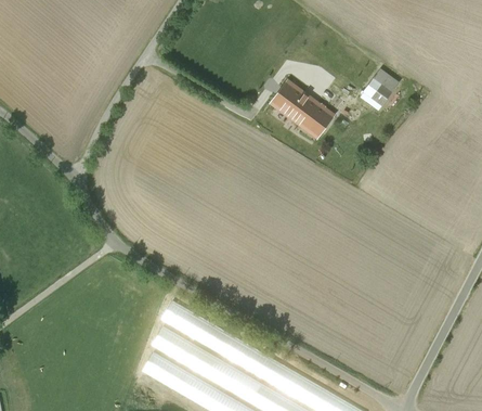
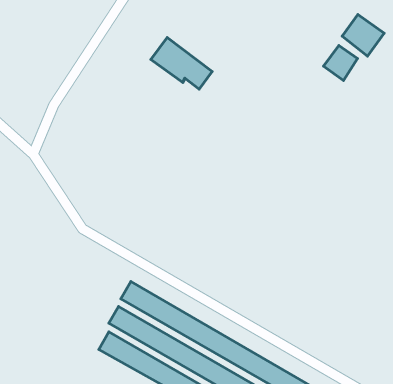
building: none -> [342,14,384,56]
building: [273,85,334,136] -> [151,38,212,89]

